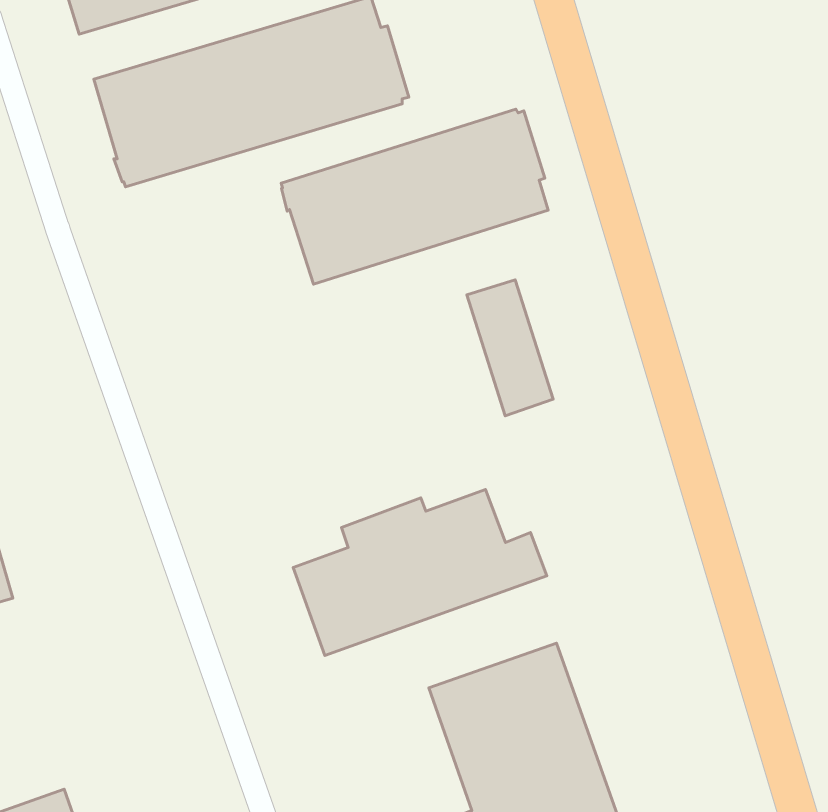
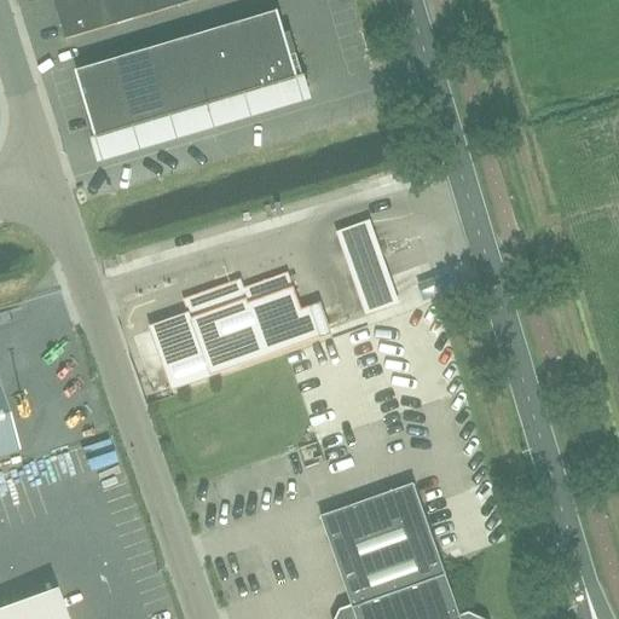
building: [281,109,548,284] -> none
building: [293,489,547,655] -> [144,272,329,393]

